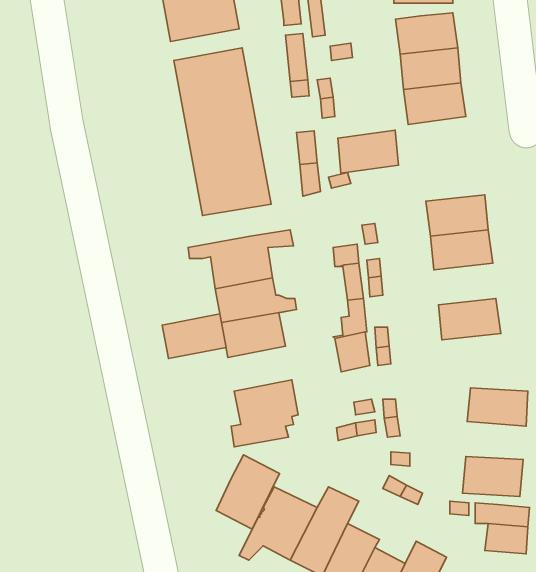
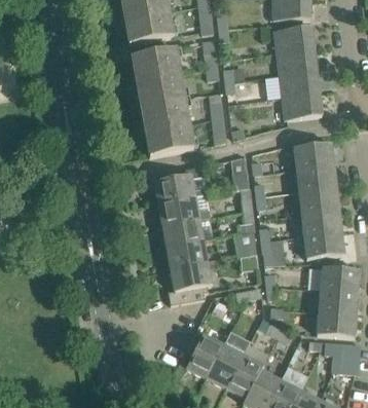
building: [338,130,398,173] -> [282,92,321,120]
building: none -> [298,187,338,214]
building: [162,314,226,359] -> [165,240,207,269]
building: none -> [303,232,343,259]
building: none -> [319,289,358,313]
building: [216,455,279,529] -> none

